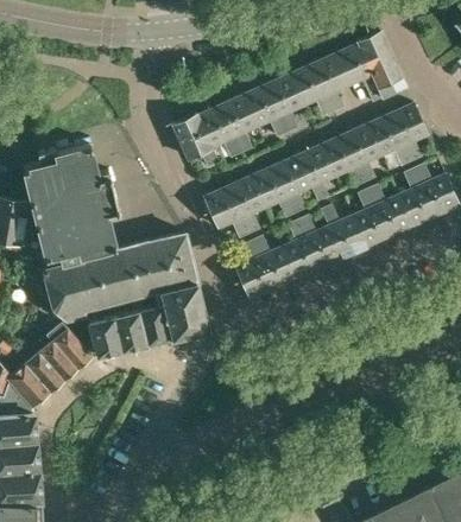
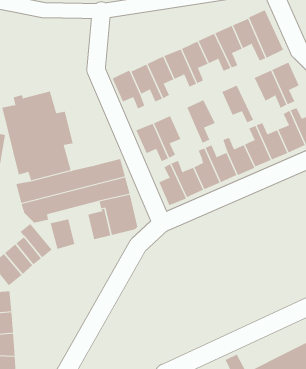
building: [341,125,379,182] -> none
building: [296,144,334,200] -> none
building: [251,165,293,217] -> none
building: [113,310,146,350] -> none

